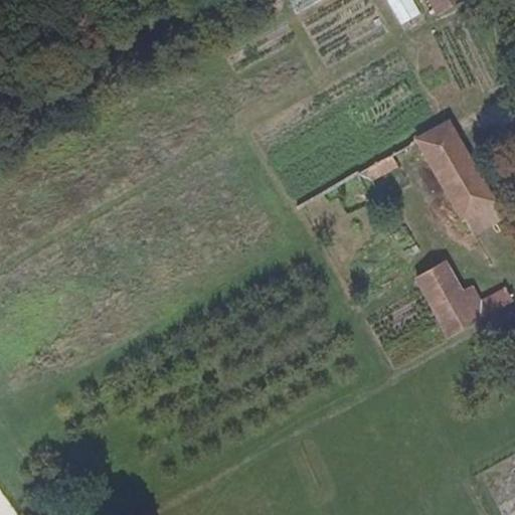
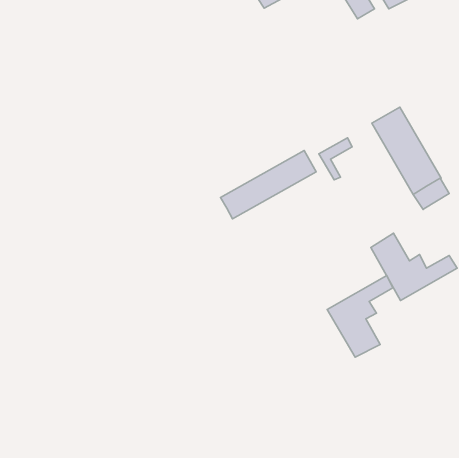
building: none -> [221,150,316,219]
building: none -> [327,276,393,357]

